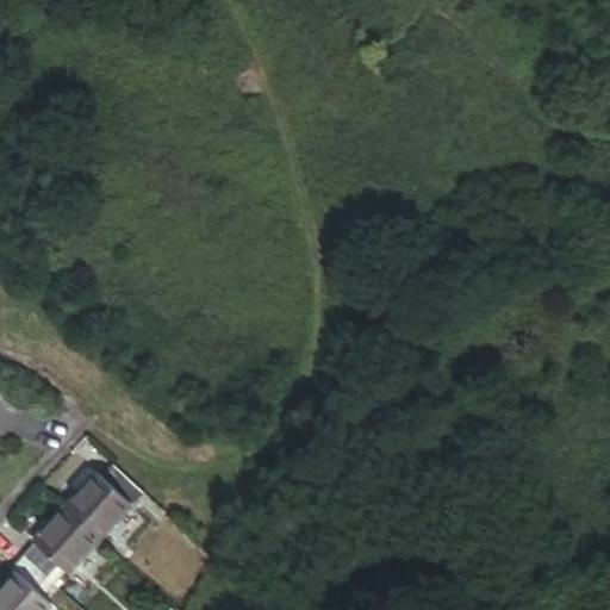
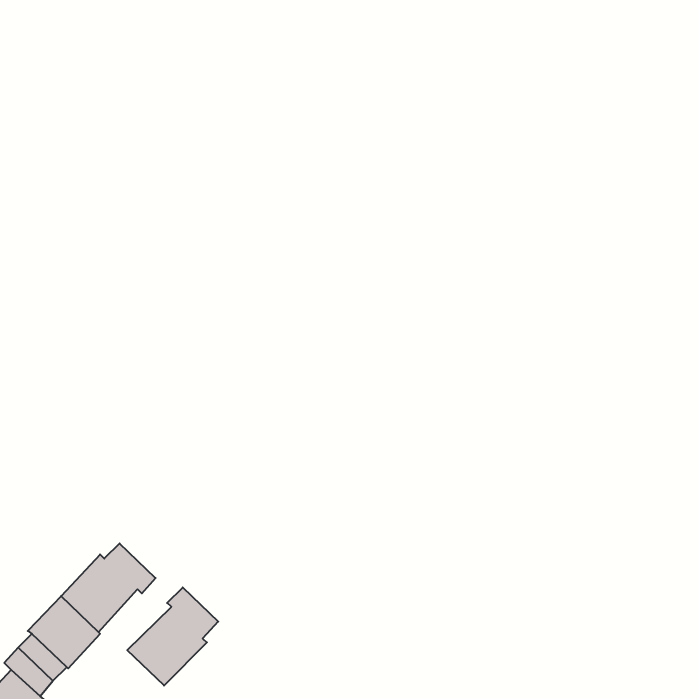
building: none -> [127,587,218,686]

